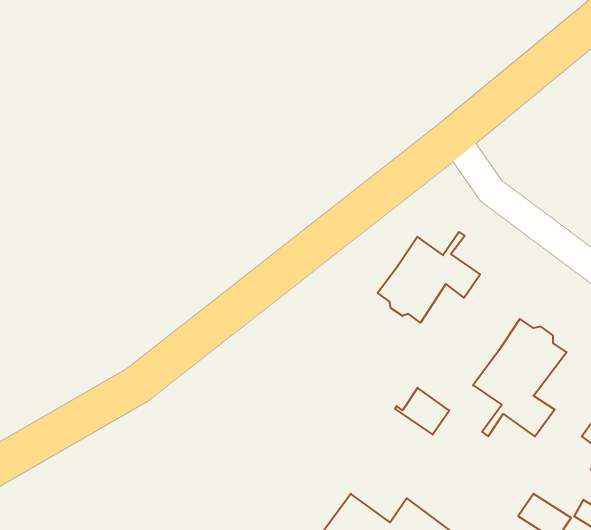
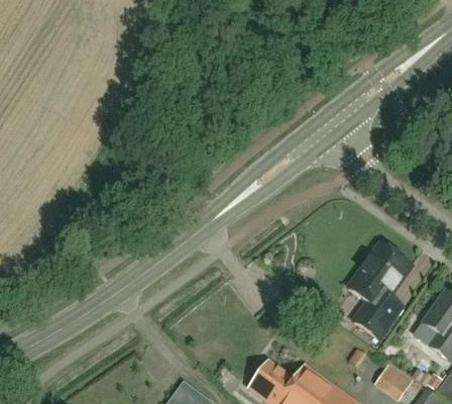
building: [378,232,480,323] -> none
building: [395,388,449,435] -> [354,307,390,338]

